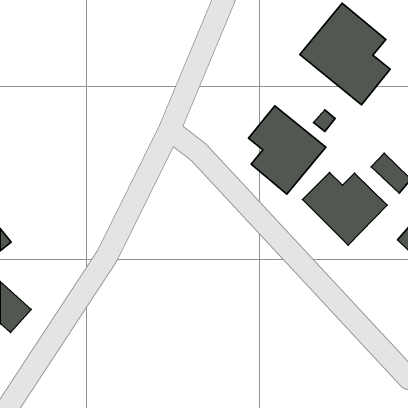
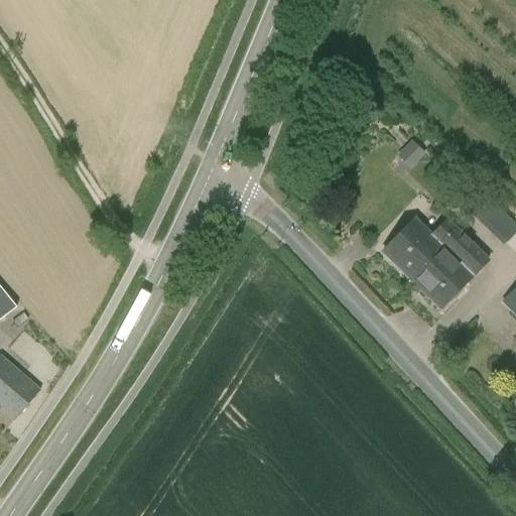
building: [300,3,390,105] -> none
building: [249,106,326,194] -> none

